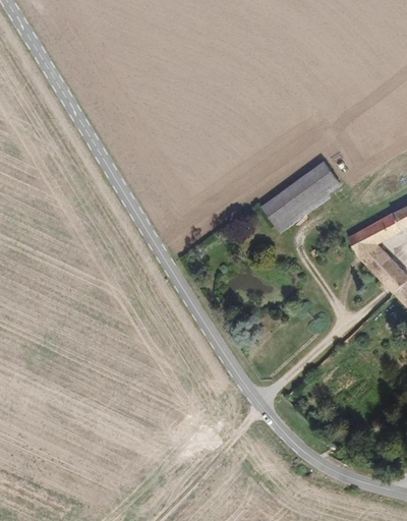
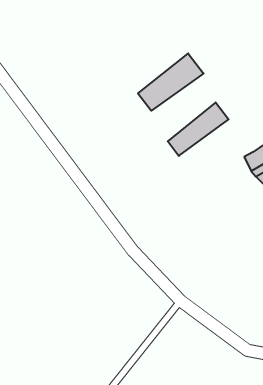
building: none -> [138,53,204,111]

